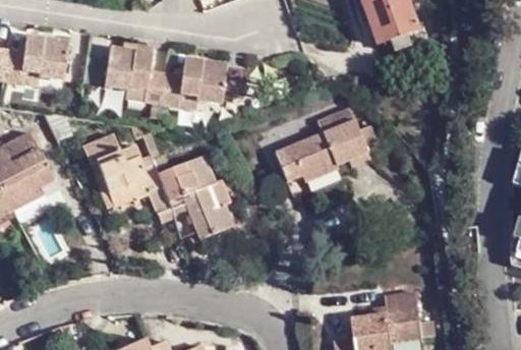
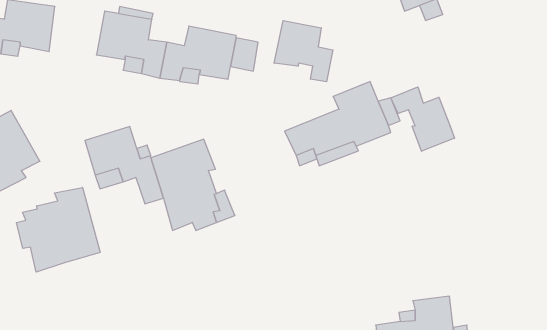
building: none -> [274,21,333,82]
building: none -> [391,87,455,151]
building: none -> [16,187,100,272]

